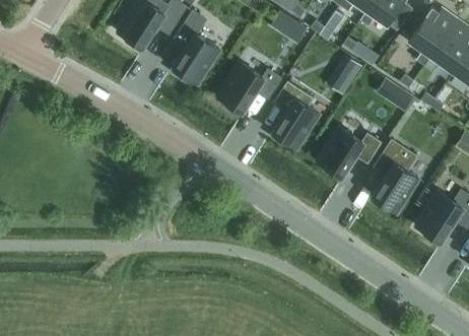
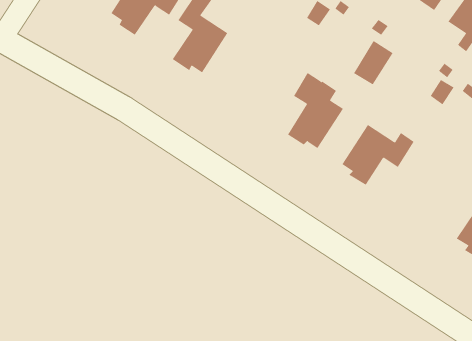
building: [218,62,281,116] -> none
building: [371,140,419,213] -> none

